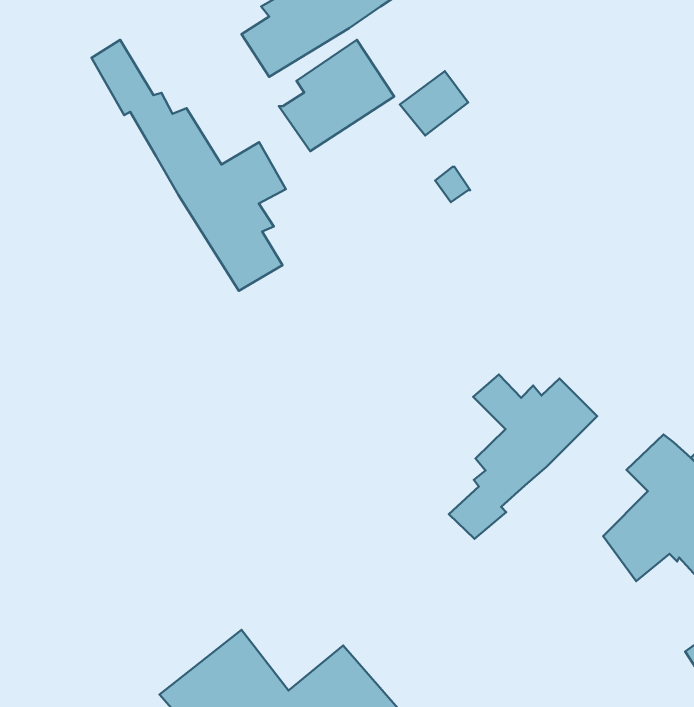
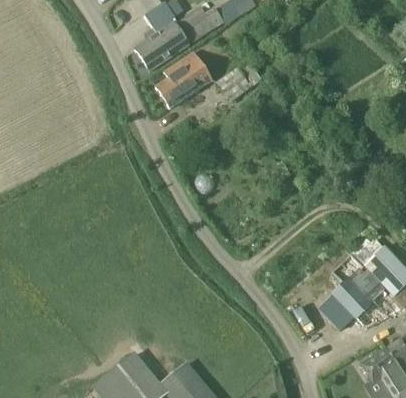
building: [92,40,286,291] -> none
building: [449,374,597,539] -> none

